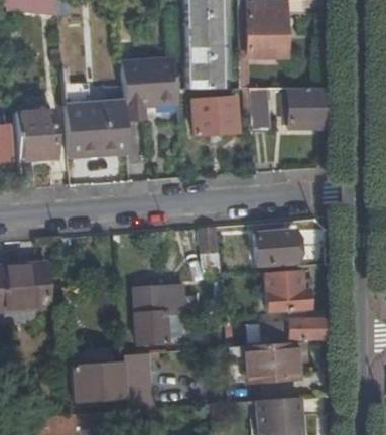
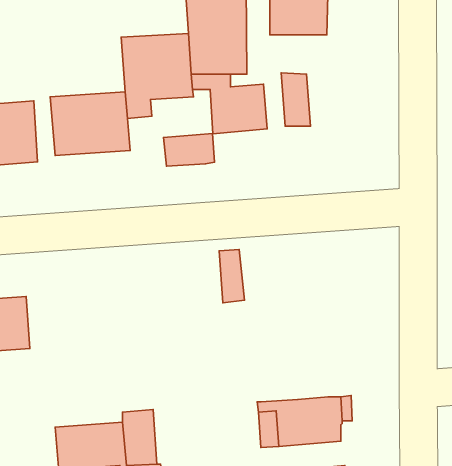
building: [289,86,327,126] -> none
building: none -> [163,134,215,166]
building: [254,230,295,264] -> none
building: [265,271,309,311] -> none
building: [134,285,200,344] -> none
building: [260,315,326,344] -> none

